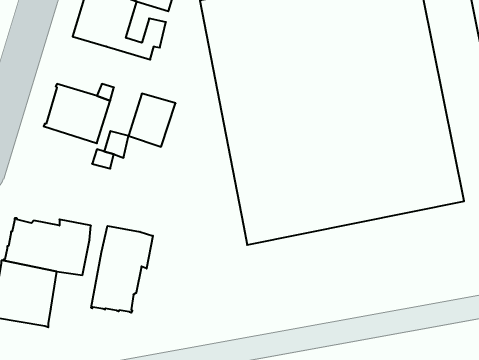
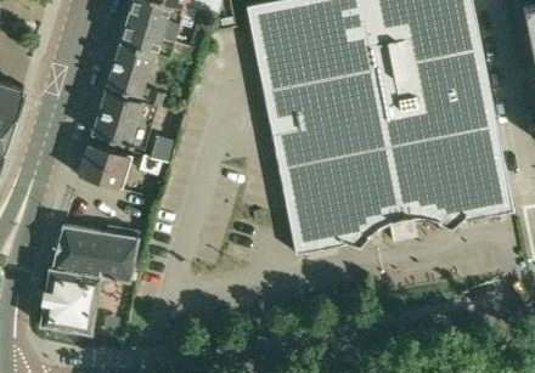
building: [128,94,176,147] -> [106,43,153,96]
building: none -> [77,142,131,190]
building: [91,226,153,313] -> none

